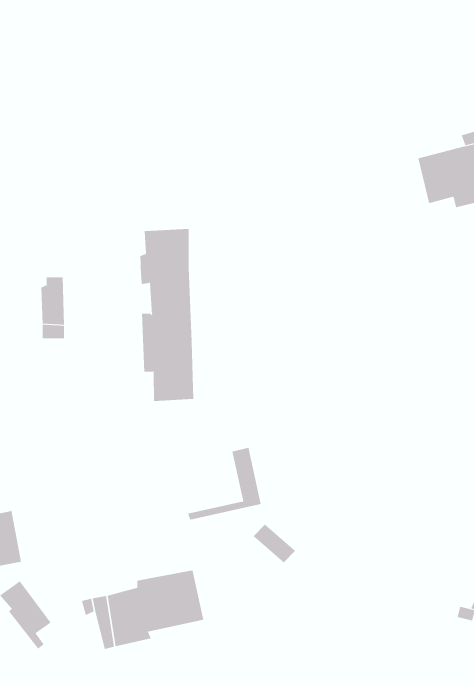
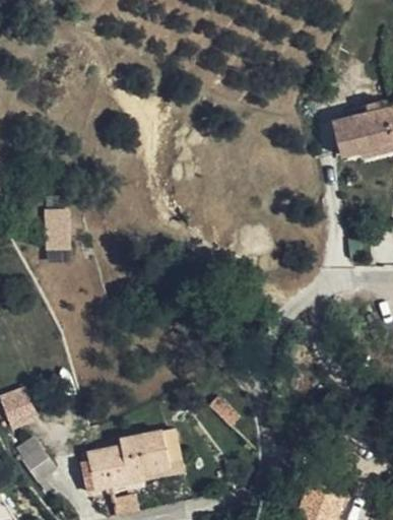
building: [140,228,194,402] -> none
building: [187,447,261,520] -> [130,428,186,482]

